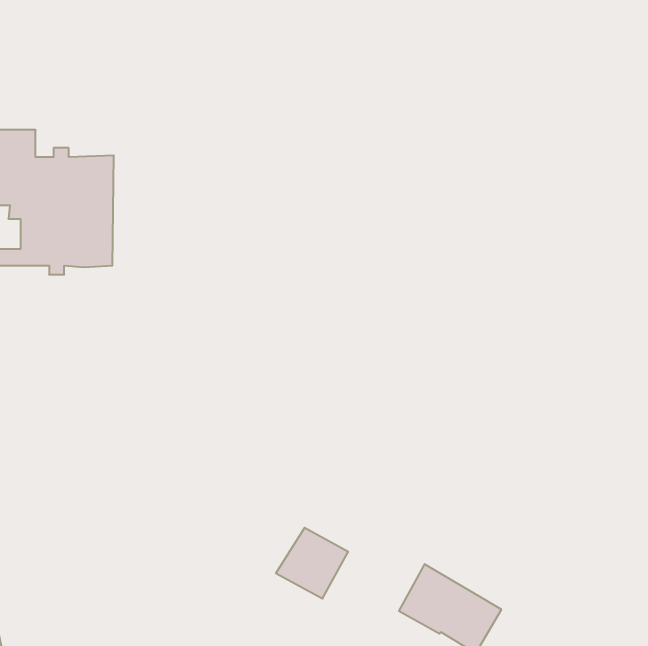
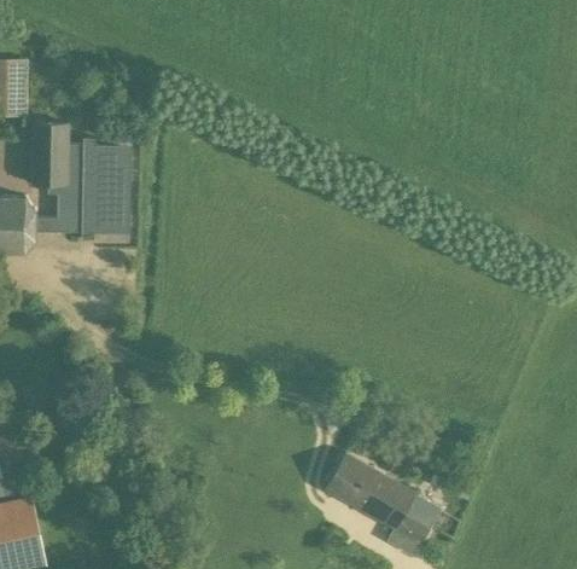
building: [276,528,348,599] -> [321,452,379,509]

